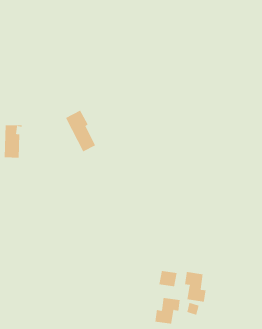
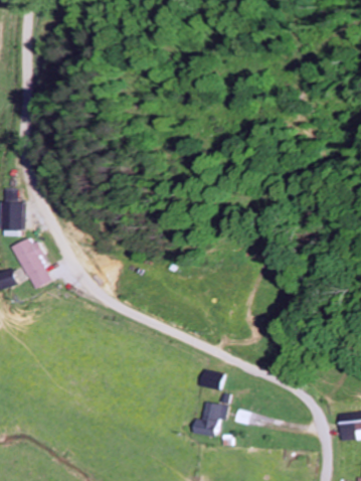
building: [65,110,96,152] -> [14,237,52,290]
building: [184,271,206,302] -> none

